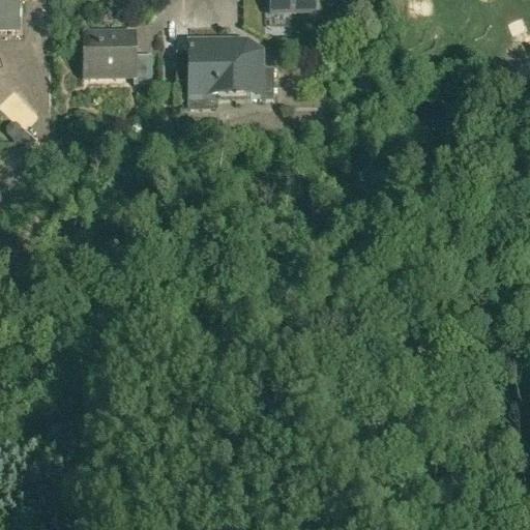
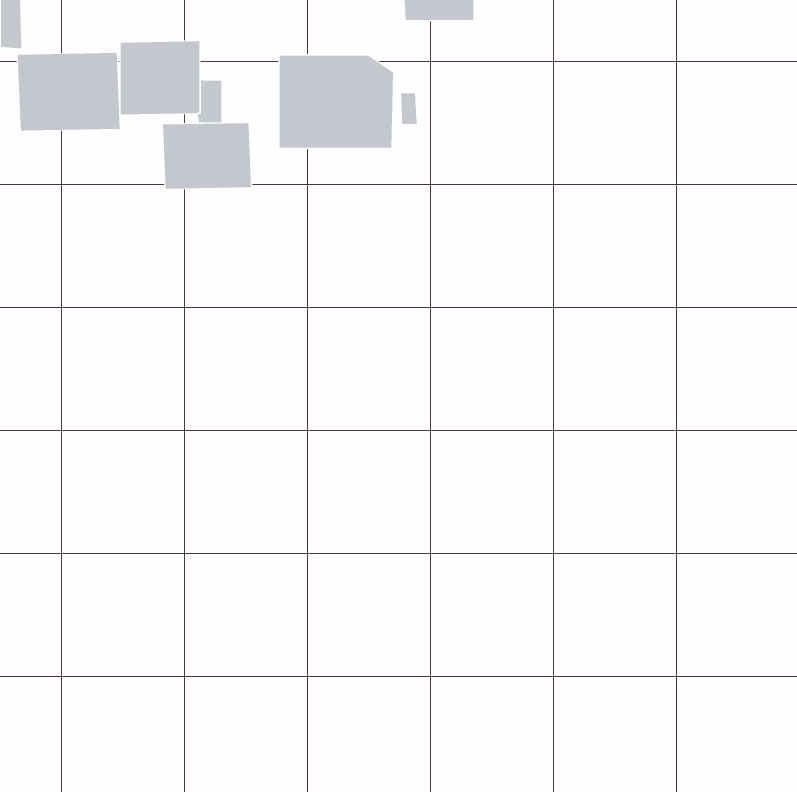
building: none -> [17,52,120,131]
building: none -> [162,122,252,190]

